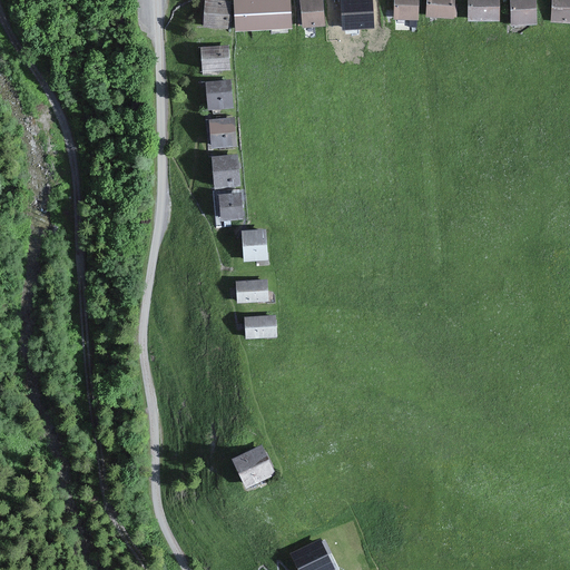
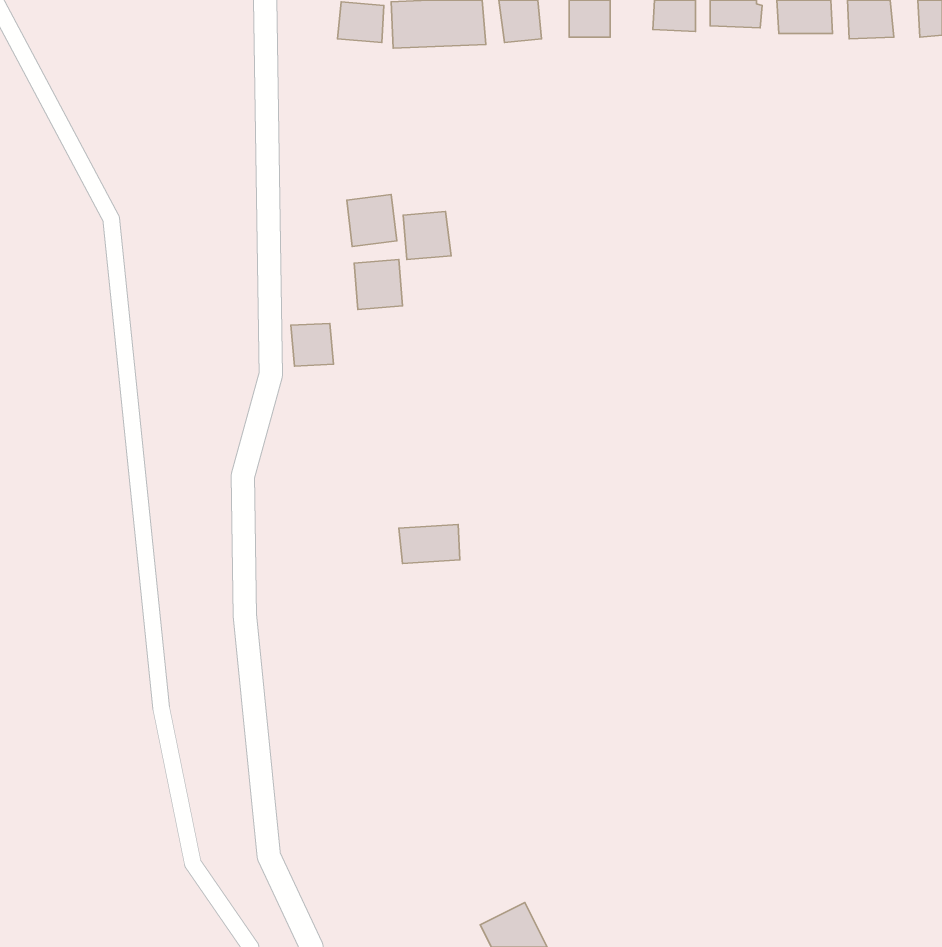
building: [200,45,230,71] -> none
building: [205,80,234,109] -> [403,211,451,260]
building: [219,194,245,219] -> [291,323,333,366]
building: [242,228,267,258] -> none
building: [235,281,268,302] -> none
building: [232,445,276,488] -> none

